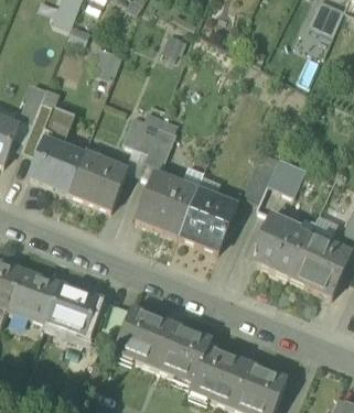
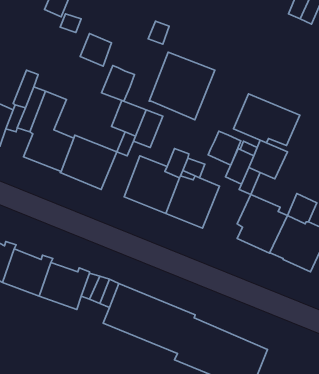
building: none -> [149,52,215,120]
building: none -> [101,66,135,101]
building: none -> [234,94,300,146]
building: none -> [208,131,241,165]

